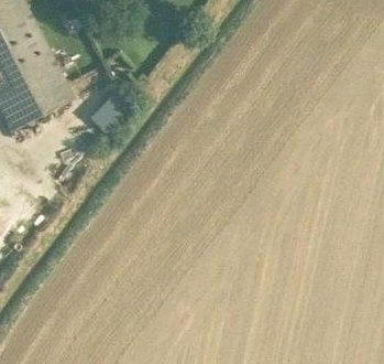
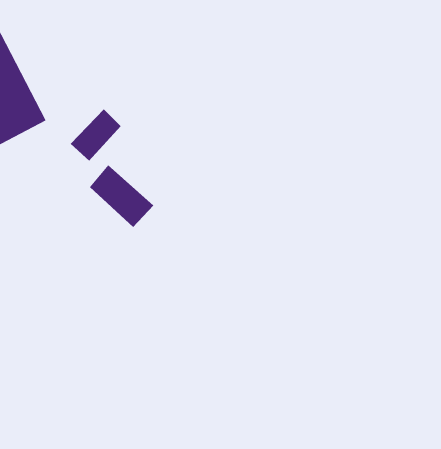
building: none -> [89,165,154,228]

